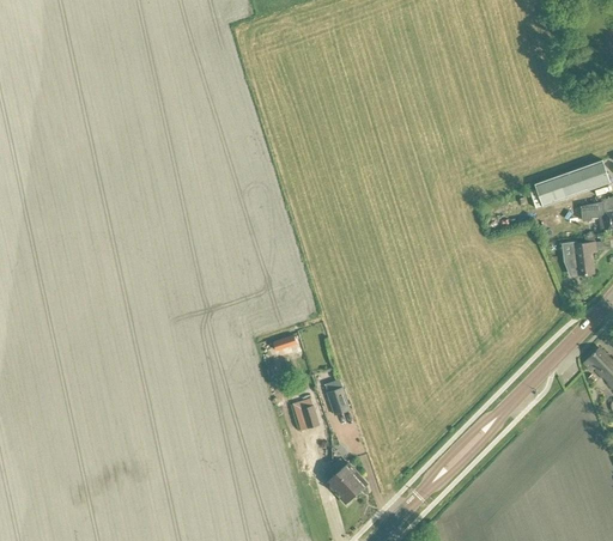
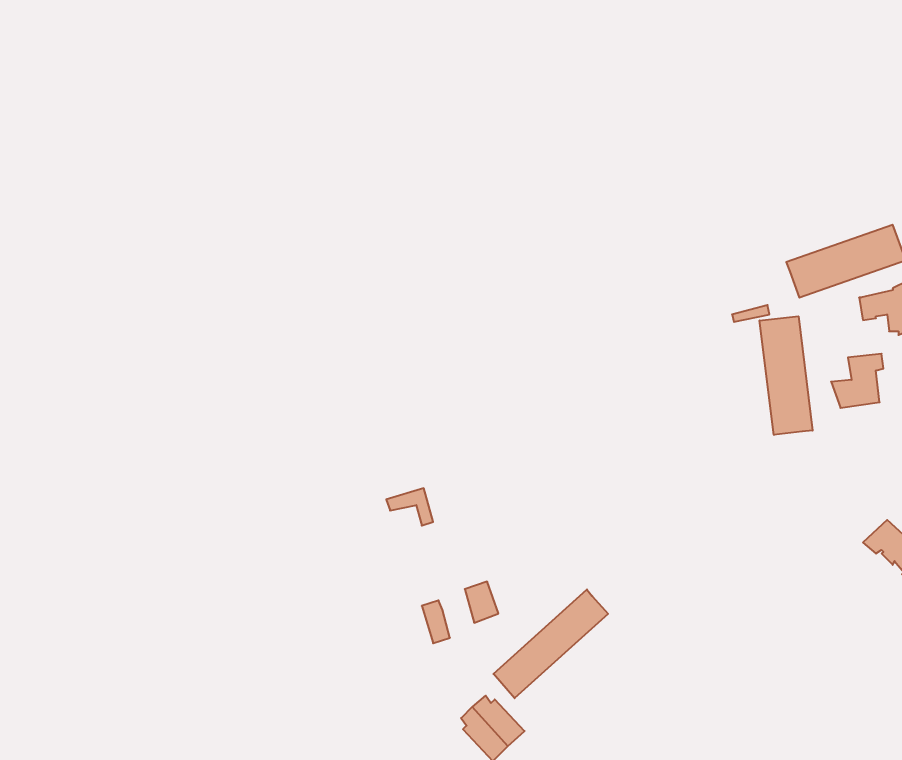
building: none -> [760,316,813,435]
building: none -> [493,589,608,698]

